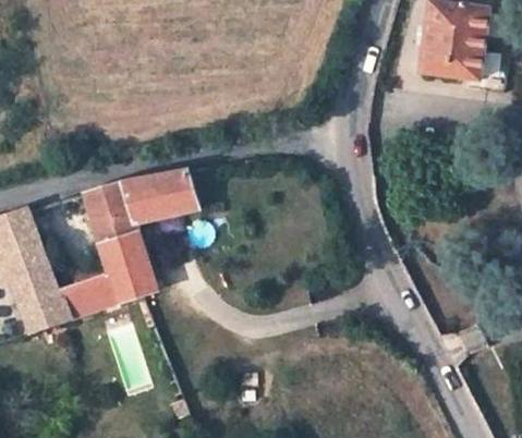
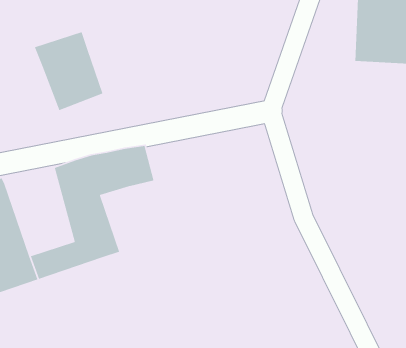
building: none -> [34,31,104,111]

